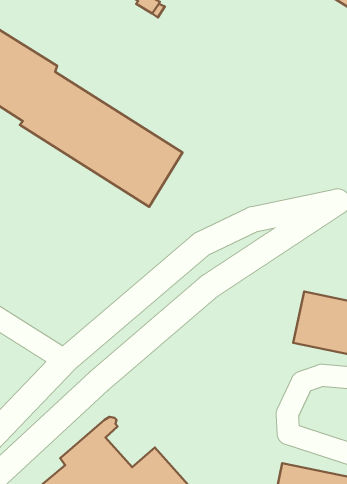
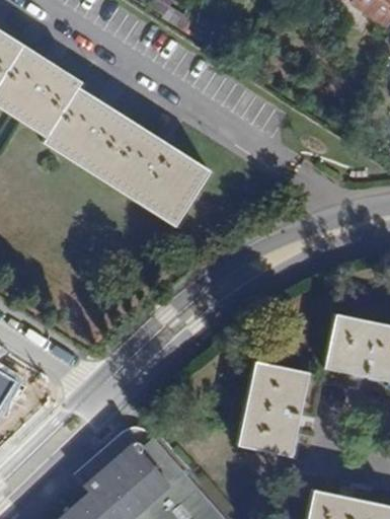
building: none -> [237,360,308,455]
building: none -> [131,441,181,494]

